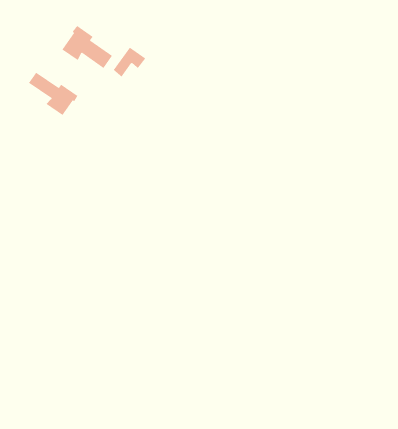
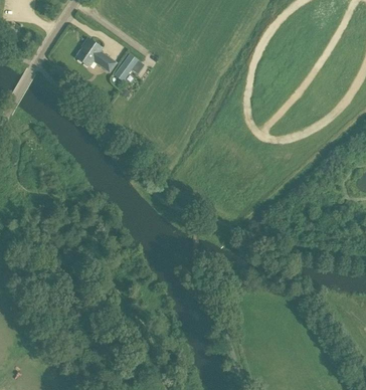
building: [28,72,78,116] -> none

